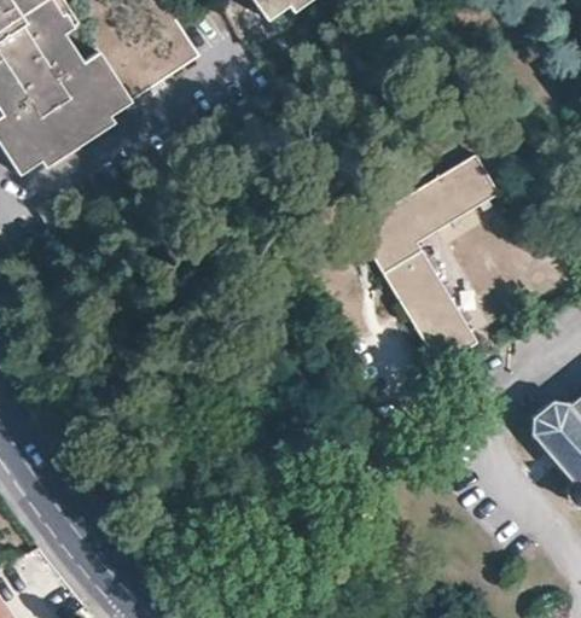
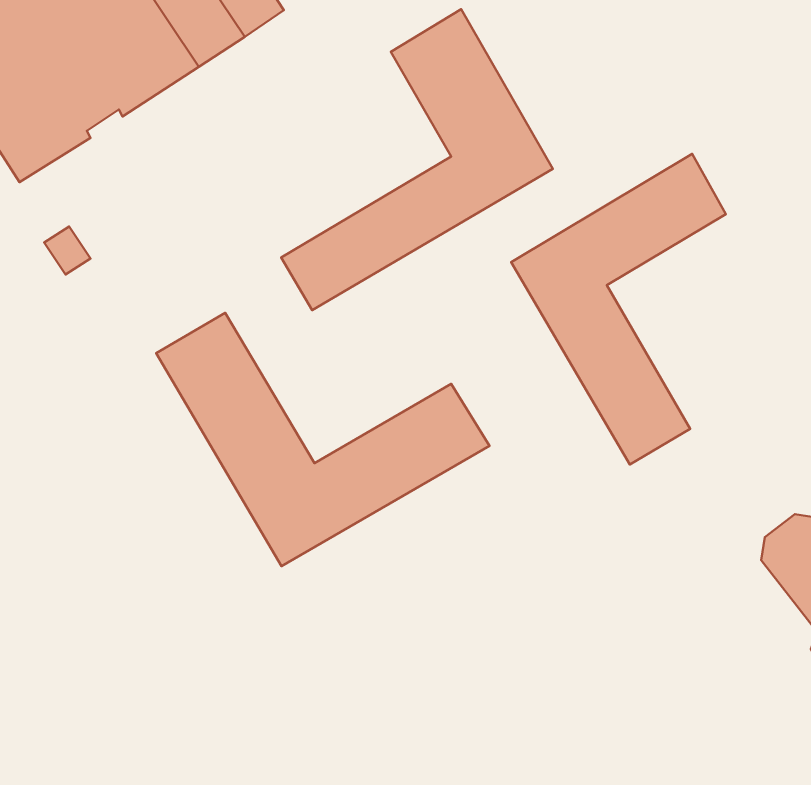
building: none -> [281,9,553,310]
building: none -> [156,313,489,566]

